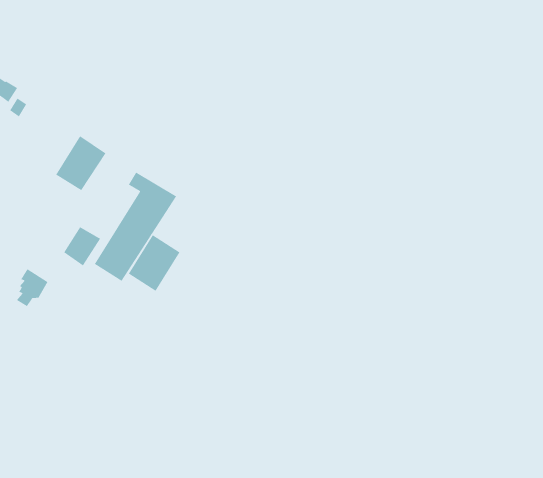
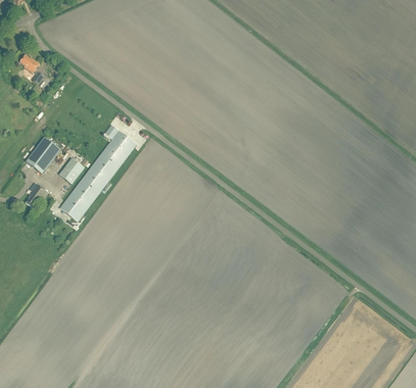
building: [55,135,106,191] -> [26,136,60,173]
building: [128,234,181,292] -> [60,183,96,221]

